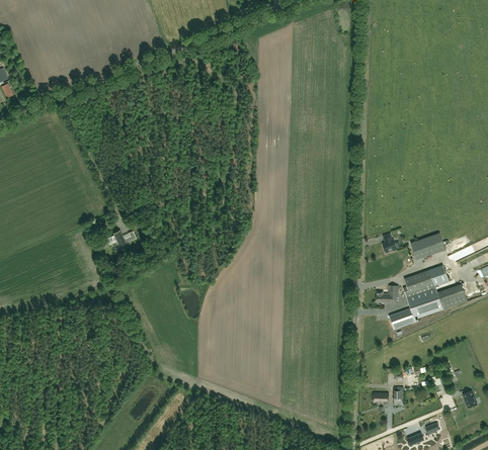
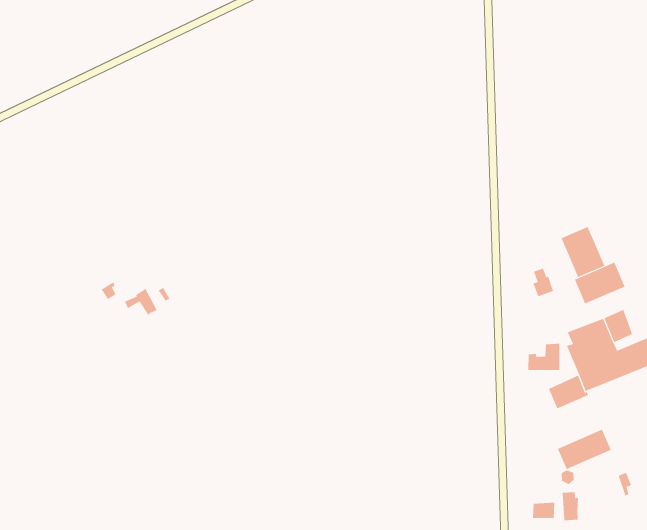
building: none -> [561,226,605,278]
building: none -> [557,429,612,470]

